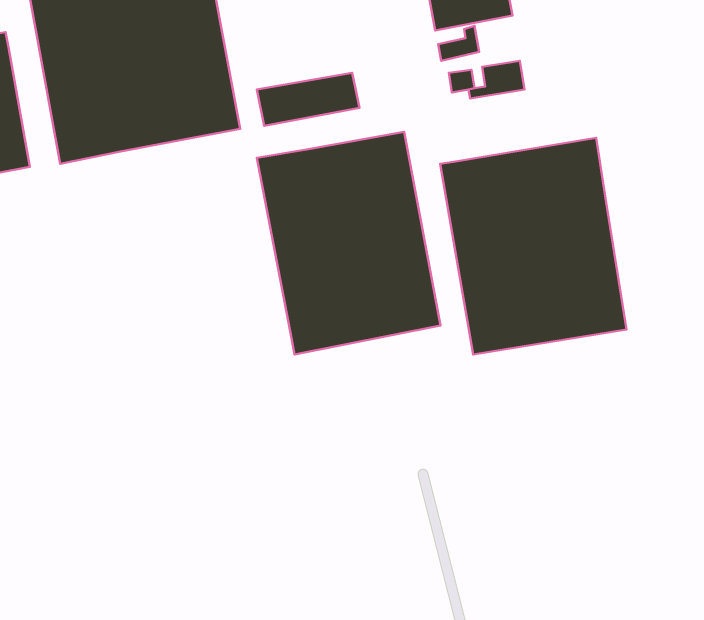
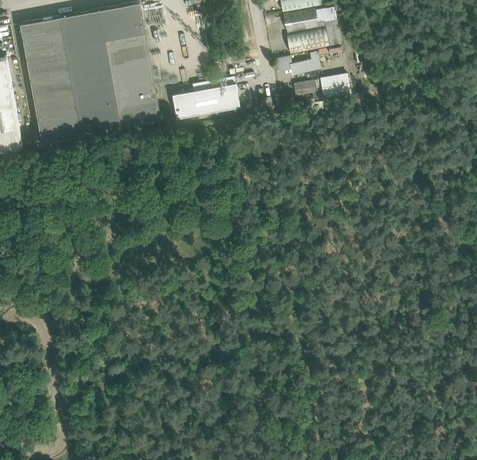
building: [257,132,440,355] -> none
building: [440,138,627,355] -> none

